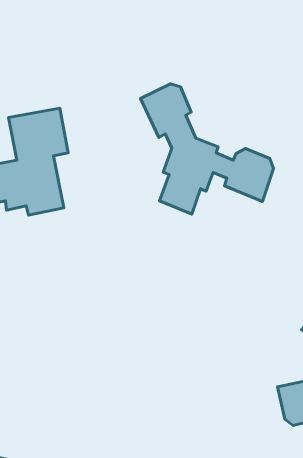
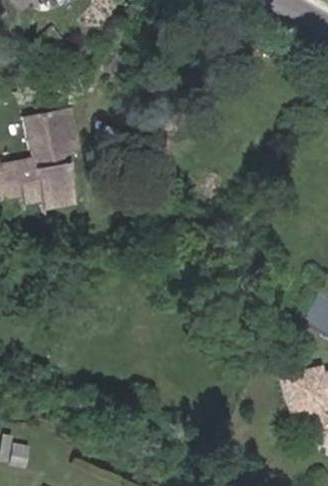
building: [140,84,273,214] -> none

